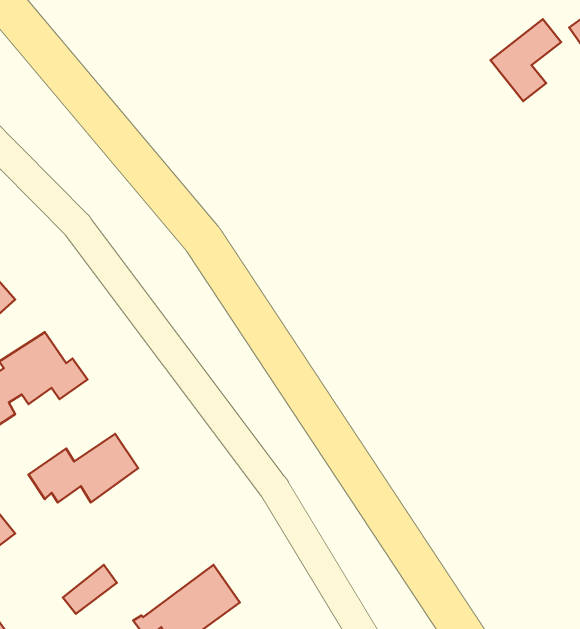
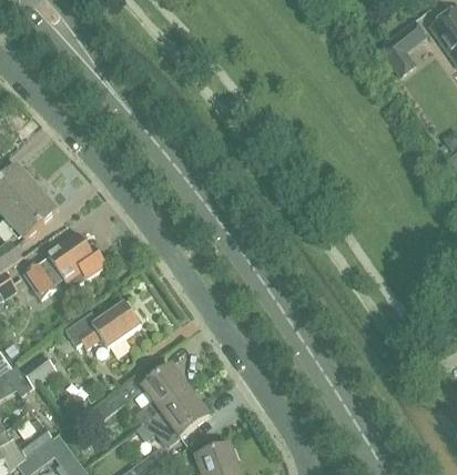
building: none -> [134,364,191,425]

